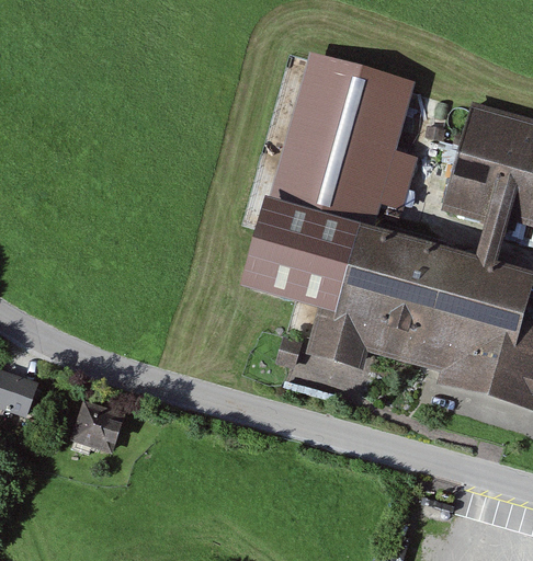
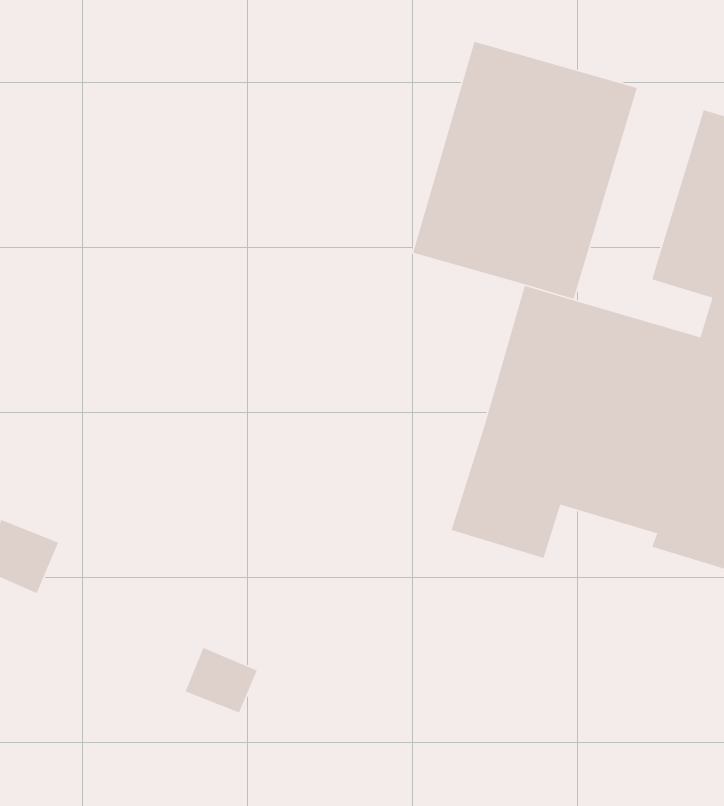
building: [241,191,349,304] -> none
building: [77,402,125,446] -> [184,647,258,714]

